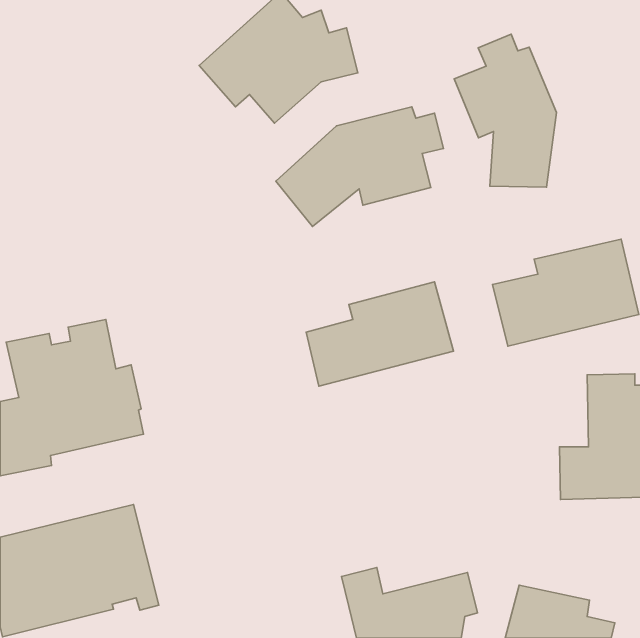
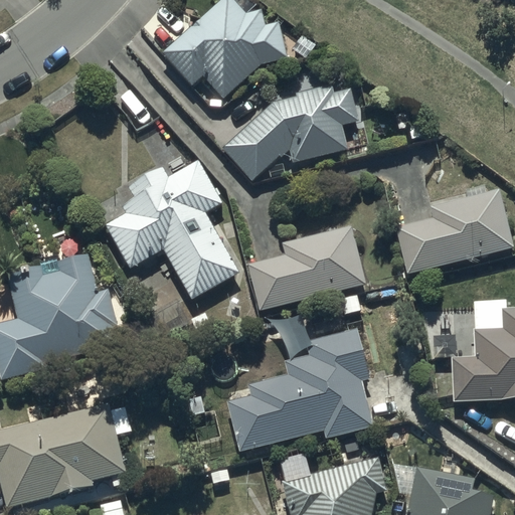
building: [454,34,556,187] -> none
building: none -> [106,157,237,301]
building: none -> [227,328,374,451]

